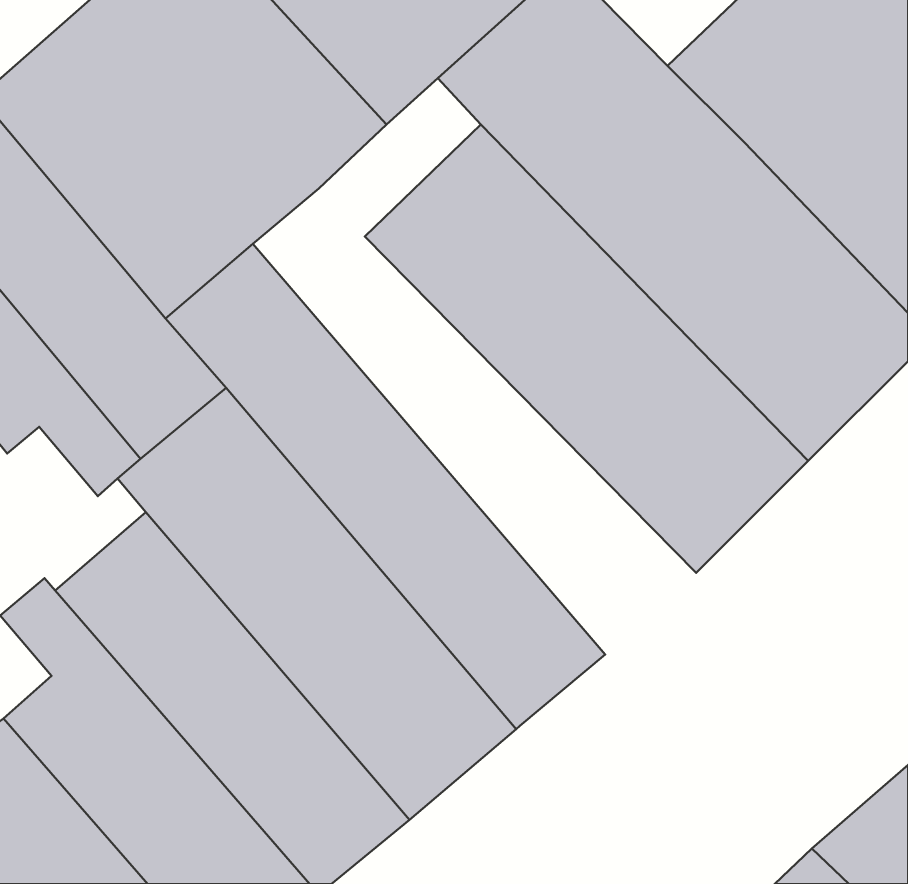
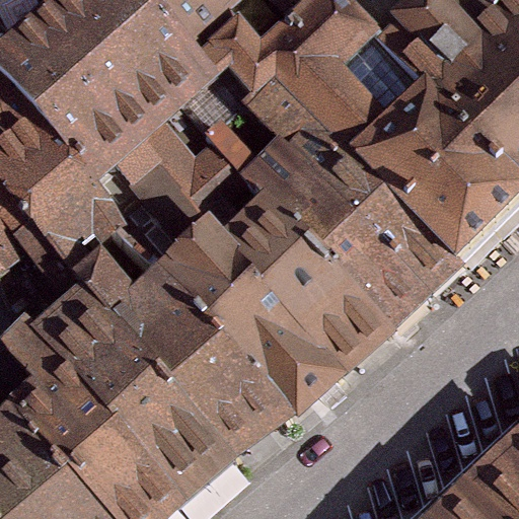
building: none -> [144,107,396,373]

